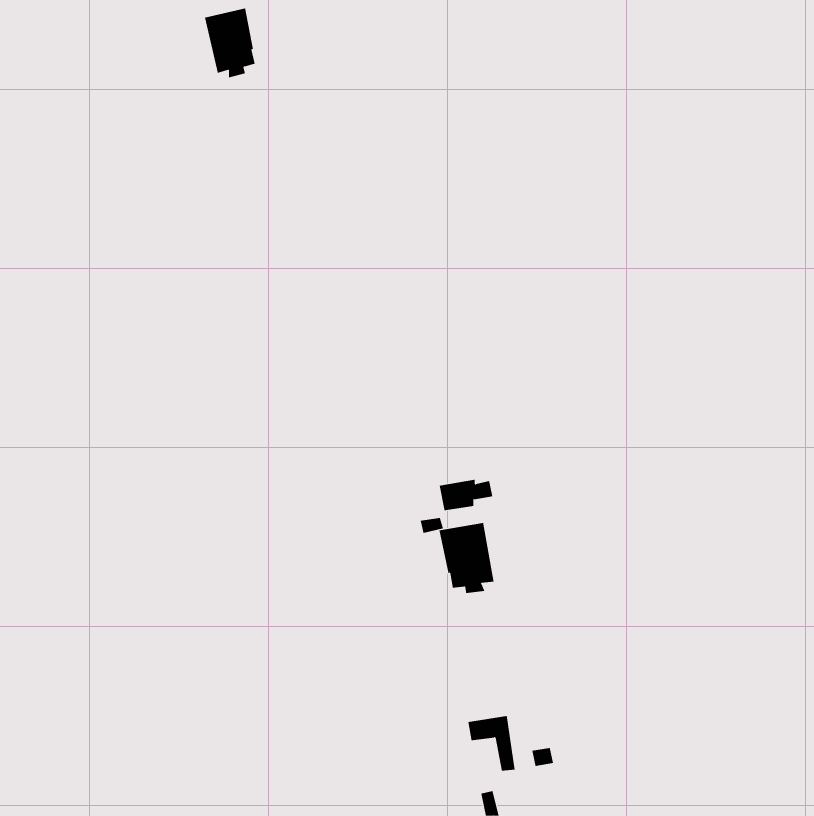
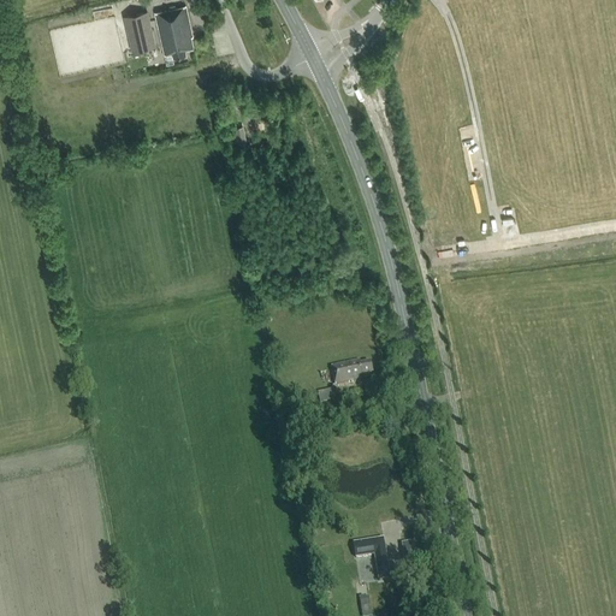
building: none -> [124,12,154,52]
building: [439,522,494,594] -> none

